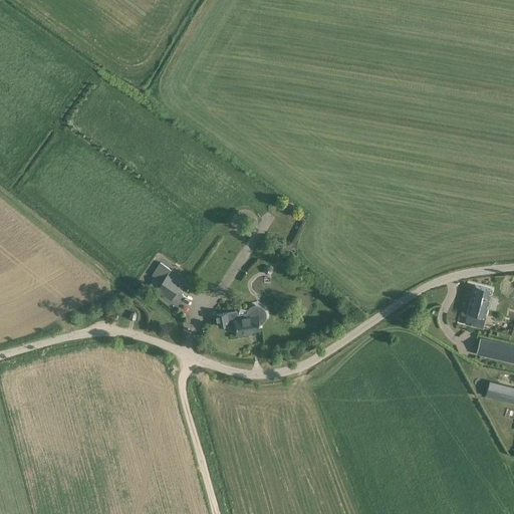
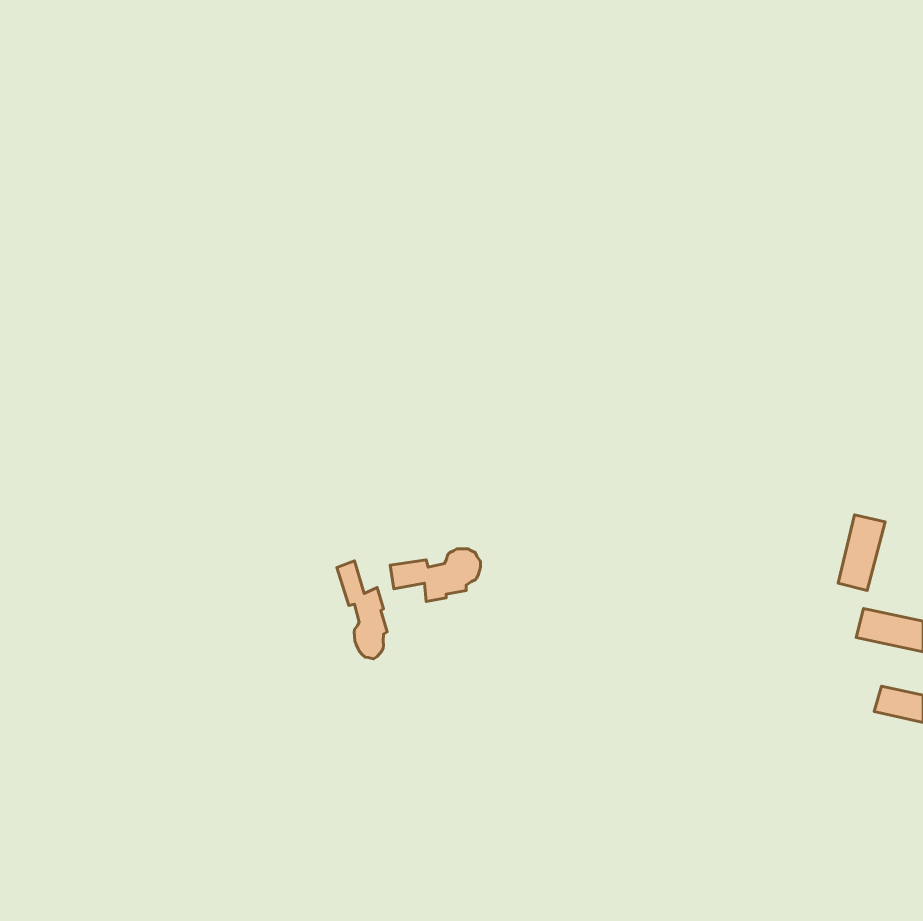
building: [149,263,180,301] -> none
building: none -> [337,561,387,659]

